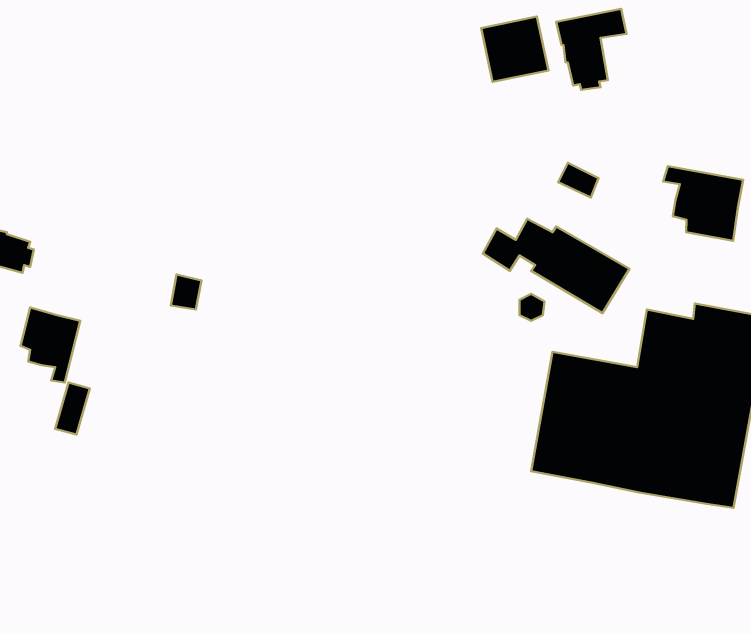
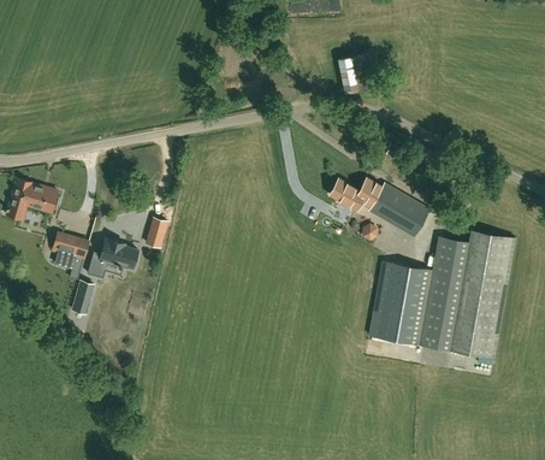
building: [556,9,626,90] -> none
building: [663,166,743,241] -> none
building: none -> [85,238,140,282]

